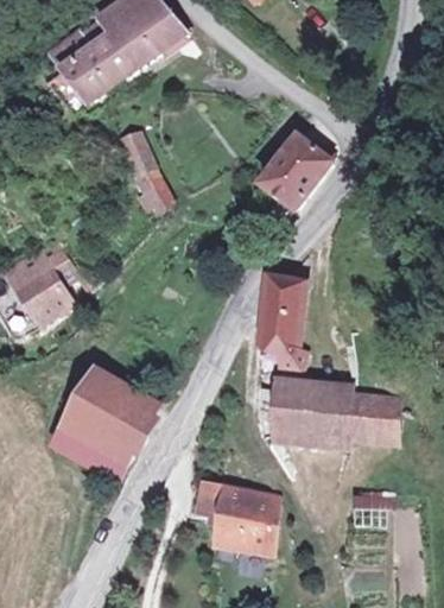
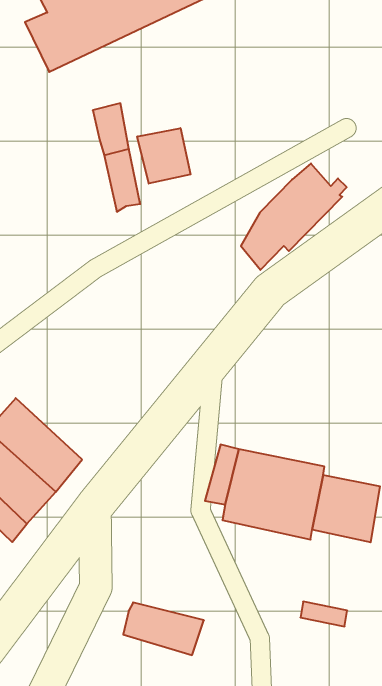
building: none -> [137,128,191,184]
building: [268,274,311,366] -> none
building: [196,487,279,524] -> none

